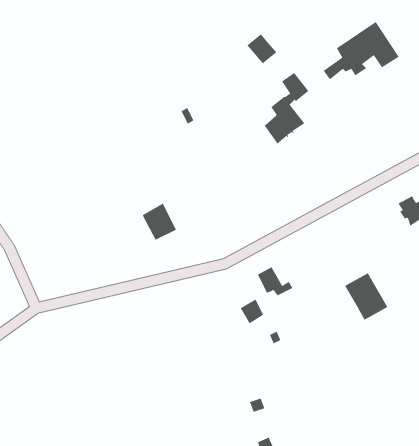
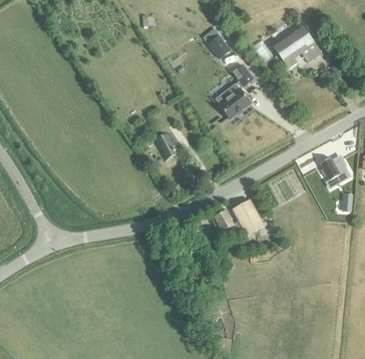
building: [142,203,177,240] -> [153,131,179,159]
building: [344,272,388,321] -> [232,199,265,235]

